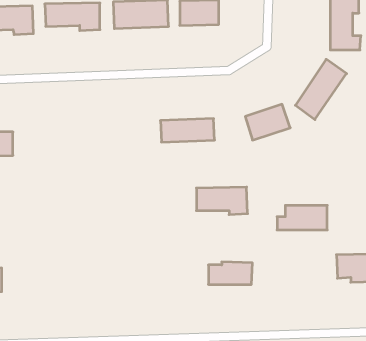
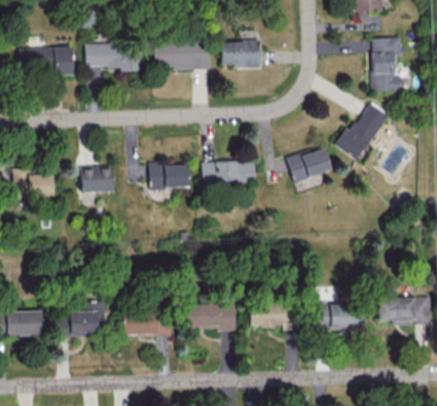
building: none -> [149,163,189,189]
building: none -> [81,166,113,192]
building: [196,187,248,215] -> [185,303,236,331]
building: [277,205,327,230] -> [314,304,364,329]
building: none -> [57,301,106,334]
building: none -> [123,311,172,336]

